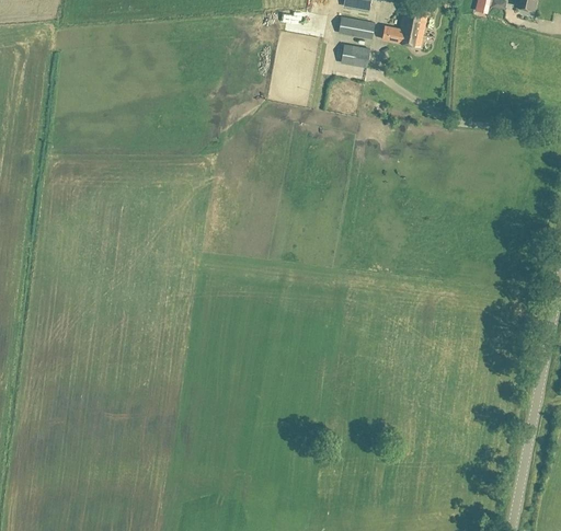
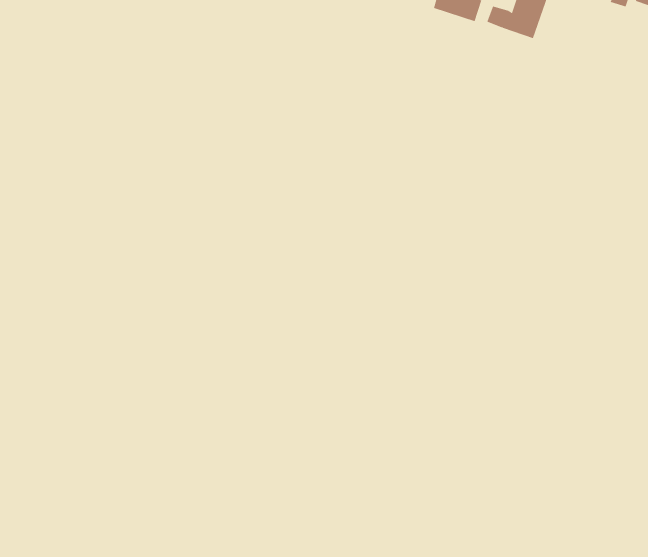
building: [341,43,370,67] -> none

